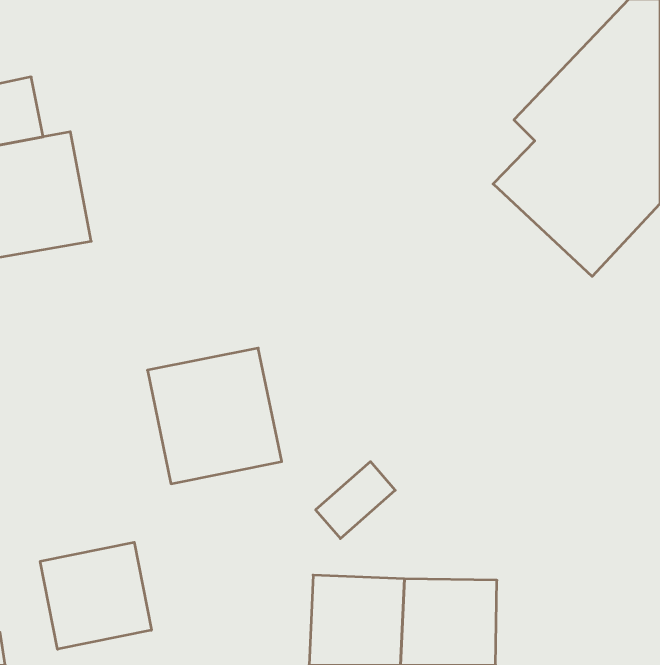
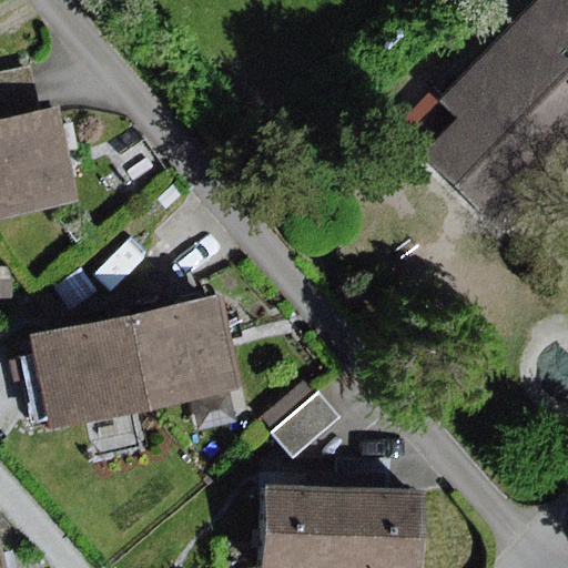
building: none -> [30,315,145,430]
building: [40,542,151,649] -> none

